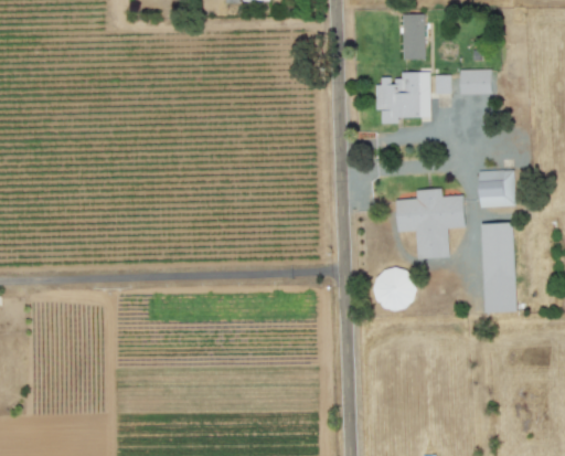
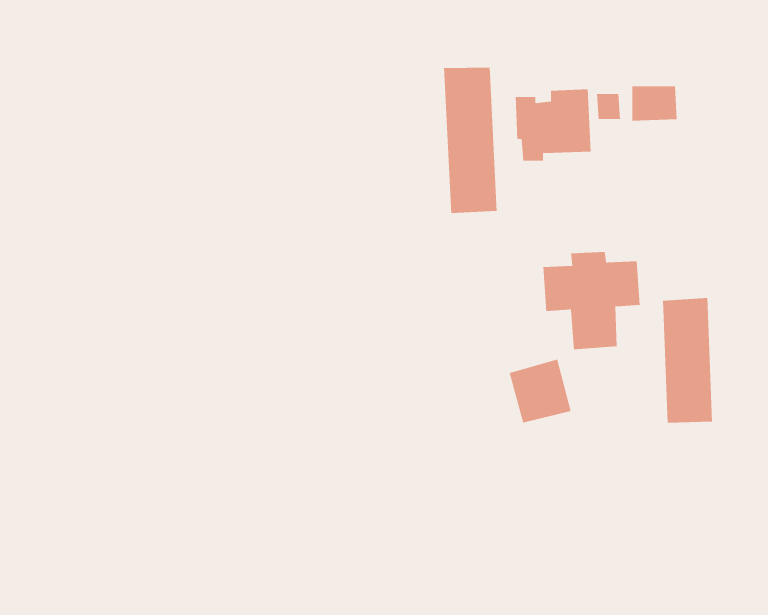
building: [402,14,425,60] -> none
building: none -> [444,67,497,214]
building: [478,170,514,208] -> none

